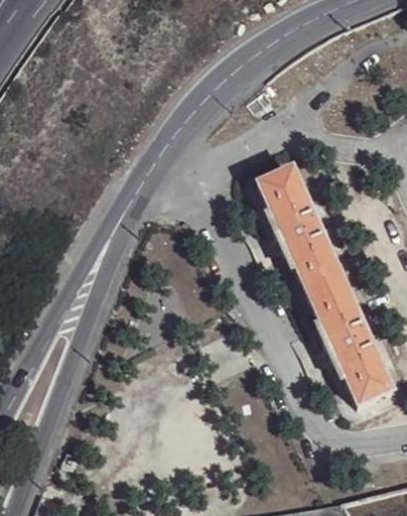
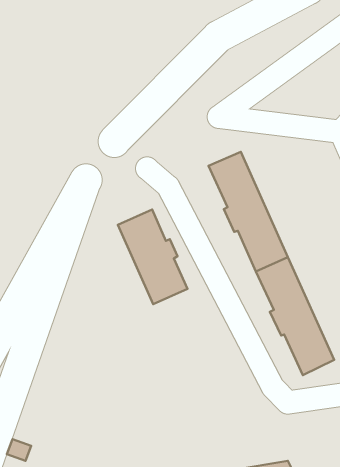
building: none -> [118,209,188,304]

